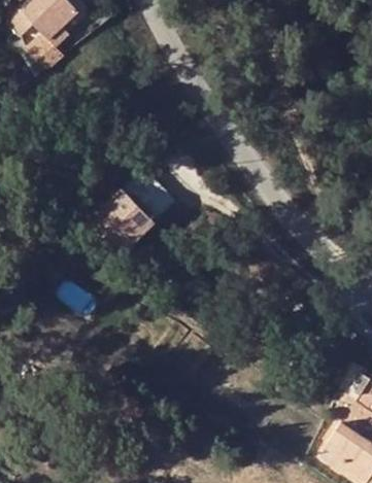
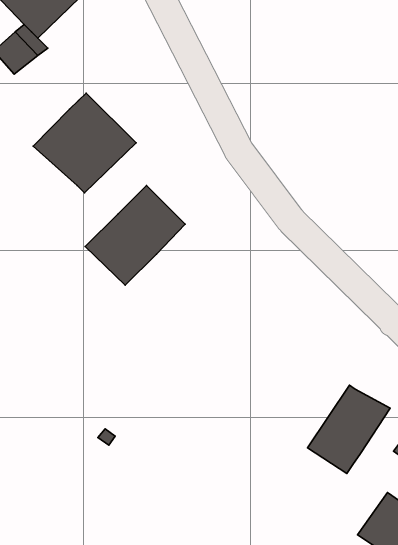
building: none -> [33,93,136,193]
building: none -> [307,385,390,474]

